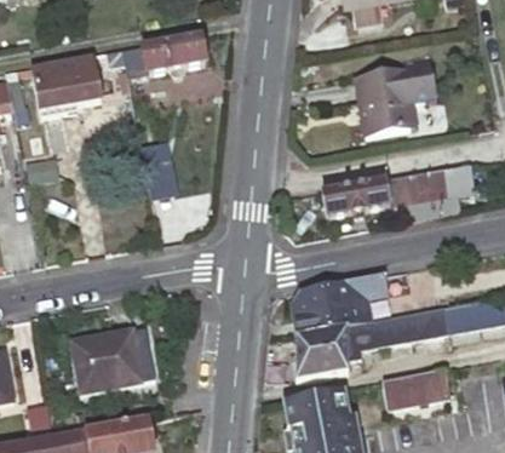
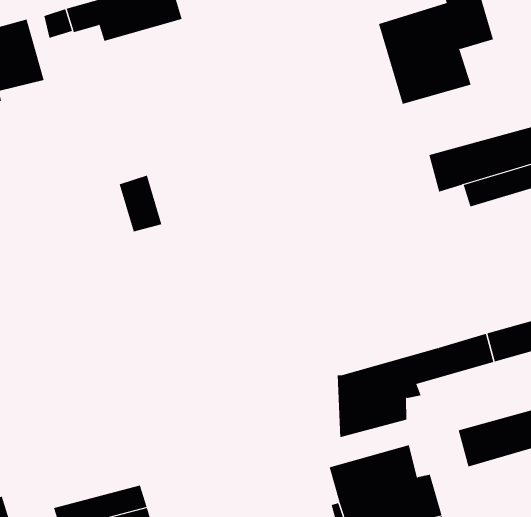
building: [322,179,384,218] -> none
building: [294,274,390,334] -> none
building: [74,328,155,394] -> none

